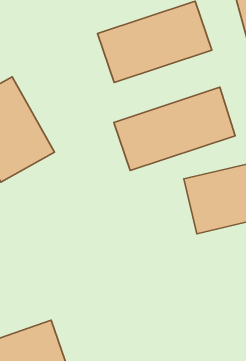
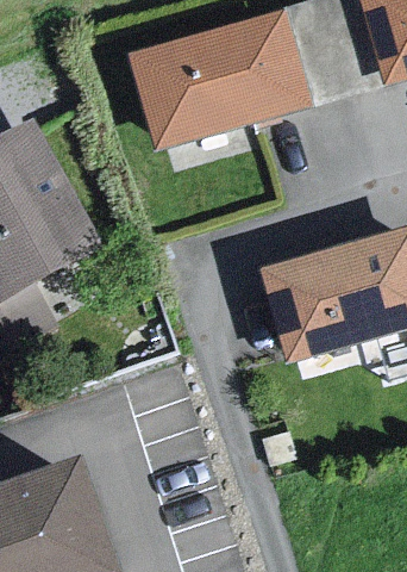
building: [114,87,235,171] -> none

